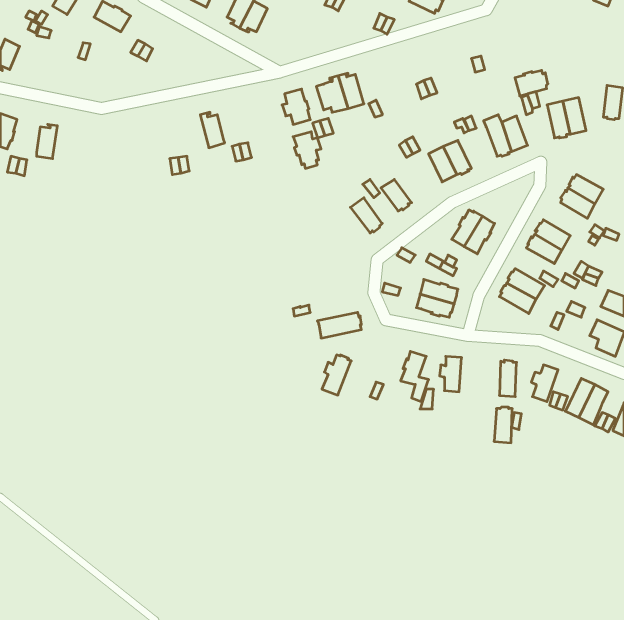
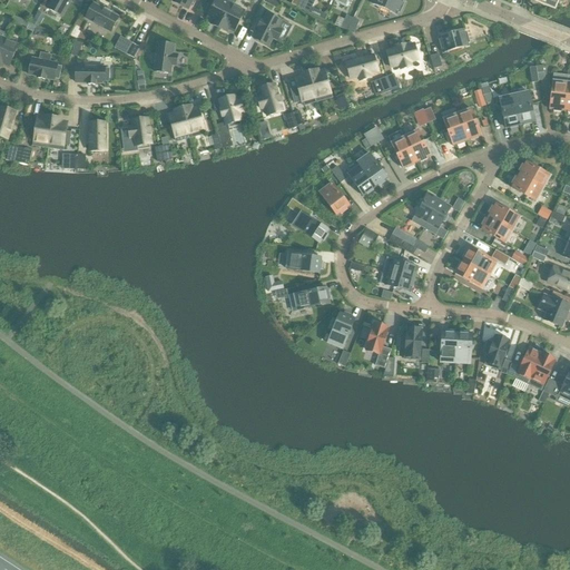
building: none -> [254,10,291,43]
building: none -> [154,40,177,71]
building: none -> [386,41,419,67]
building: none -> [345,52,377,78]
building: none -> [29,56,61,77]
building: none -> [76,63,109,82]
building: [515,70,548,96] -> [439,27,469,50]
building: none -> [168,105,190,139]
building: none -> [48,115,70,147]
building: none -> [121,116,151,147]
building: none -> [88,120,106,149]
building: [293,132,321,168] -> [218,92,244,126]
building: none -> [356,151,387,185]
building: none -> [293,202,328,240]
building: none -> [286,252,322,271]
building: [322,355,351,395] -> [327,309,354,346]
building: [494,407,512,443] -> [440,328,456,361]

